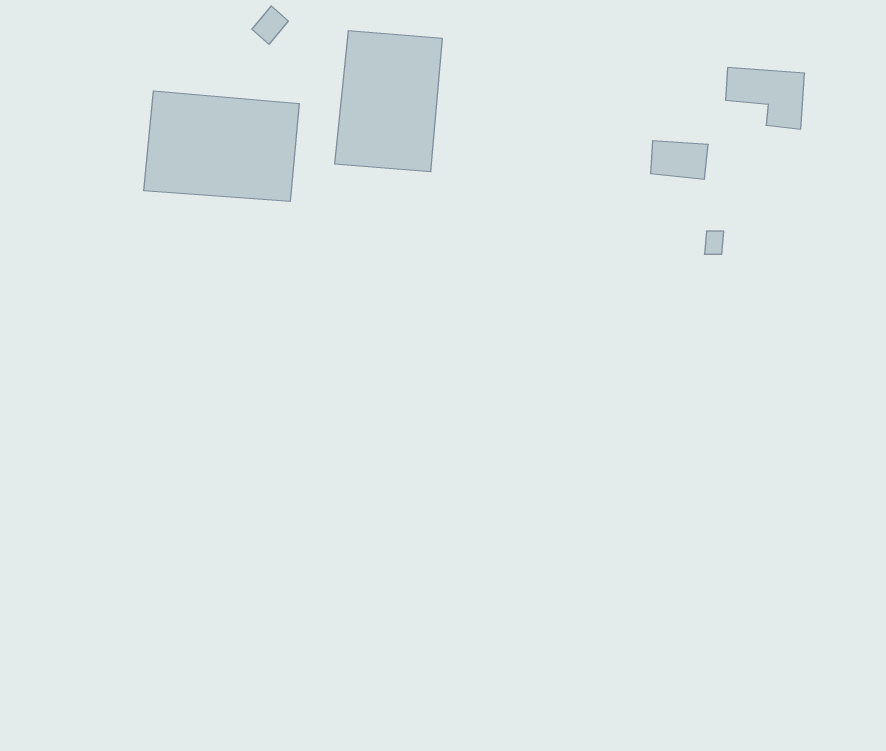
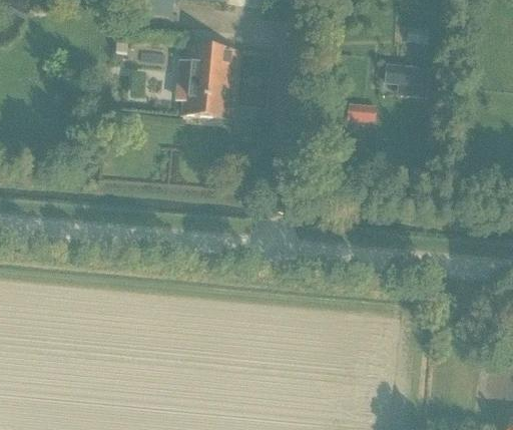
building: [144,91,299,201] -> none

